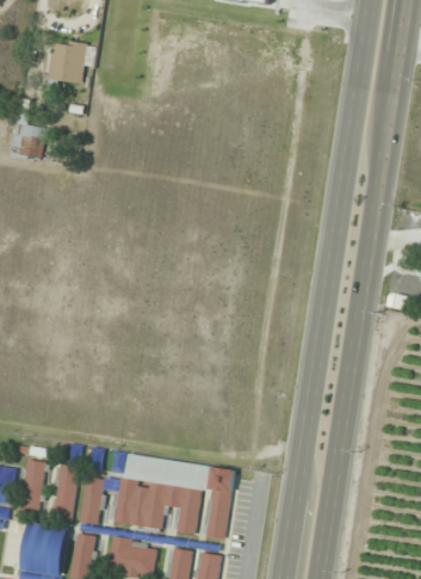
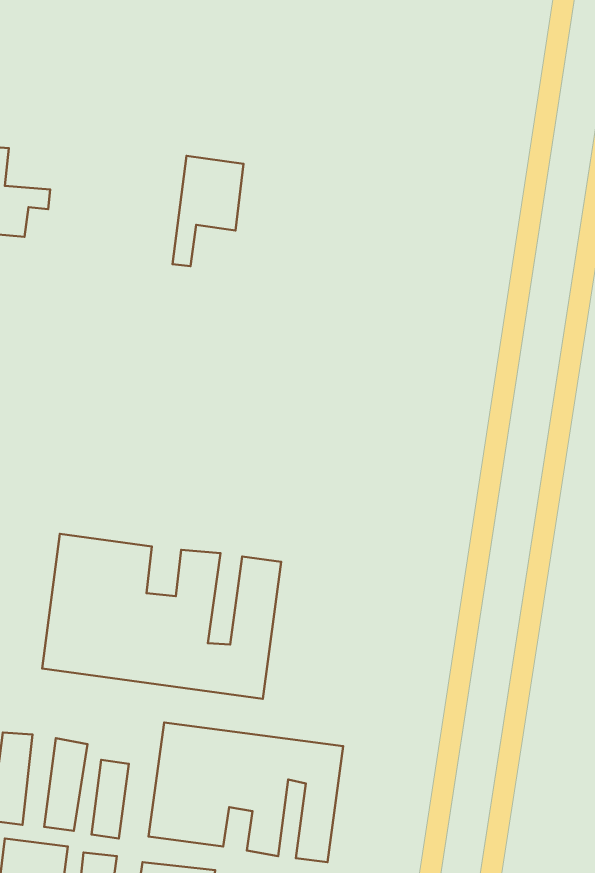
building: [44,38,87,105] -> [173,156,243,266]
building: none -> [42,534,281,699]

